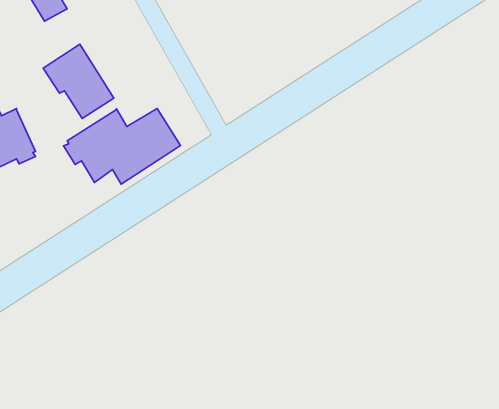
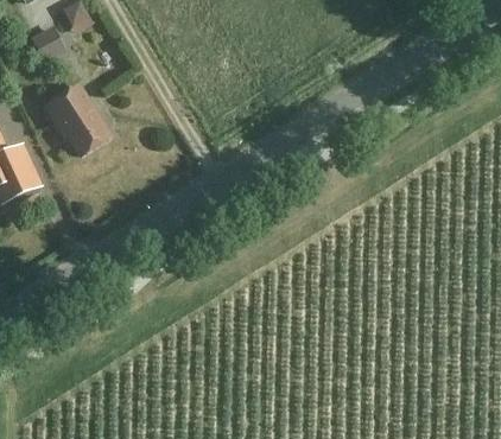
building: [64,109,180,184] -> none

